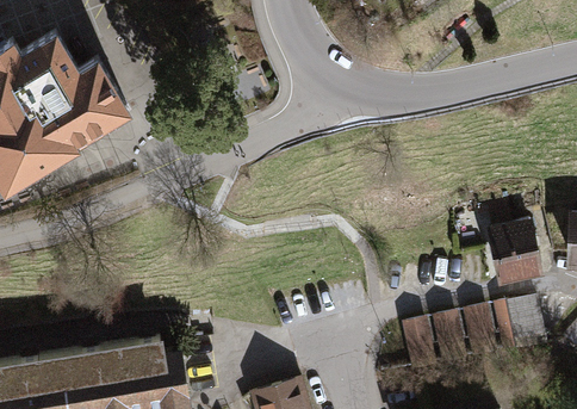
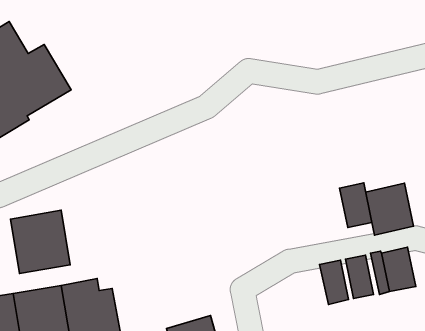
building: none -> [340,183,372,228]
building: none -> [11,210,70,274]
building: [401,318,435,371] -> none

